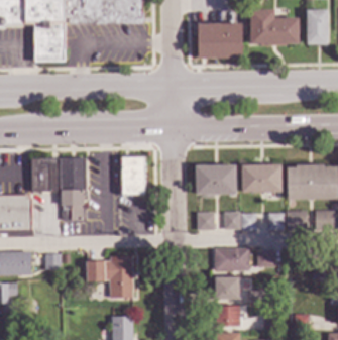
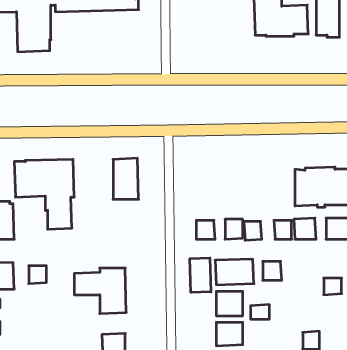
building: [198,24,243,59] -> none
building: [242,164,283,201] -> none
building: [196,165,237,199] -> none
building: none -> [190,258,211,292]

